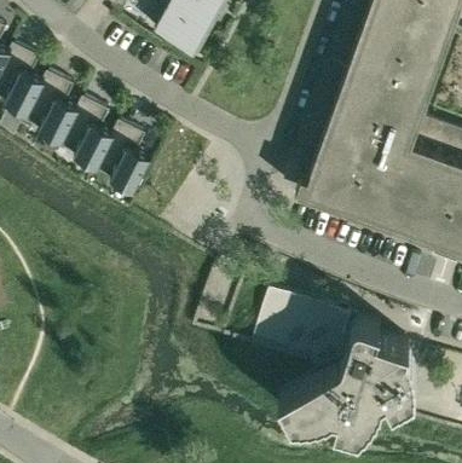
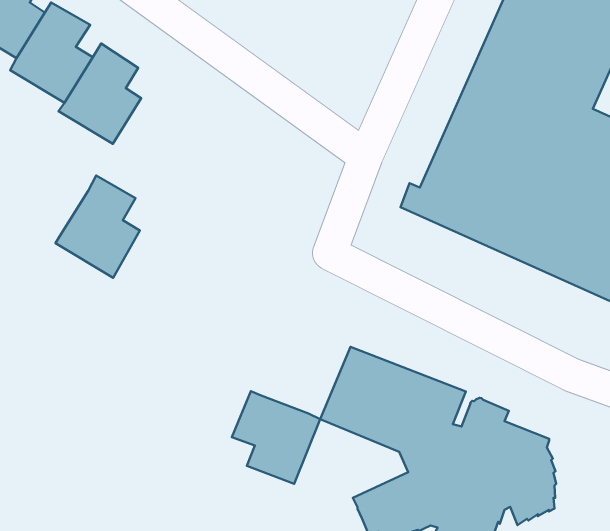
building: [94,123,151,192] -> [56,176,140,278]
building: none -> [232,391,320,484]

